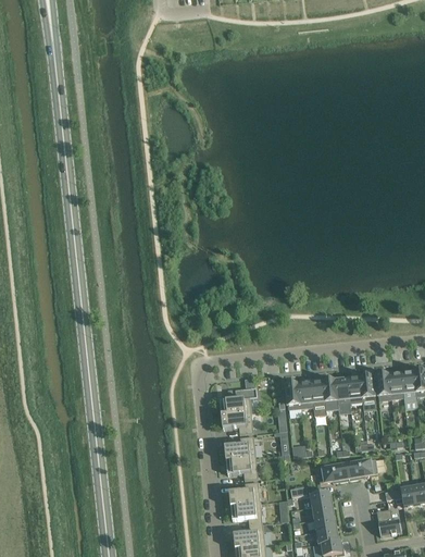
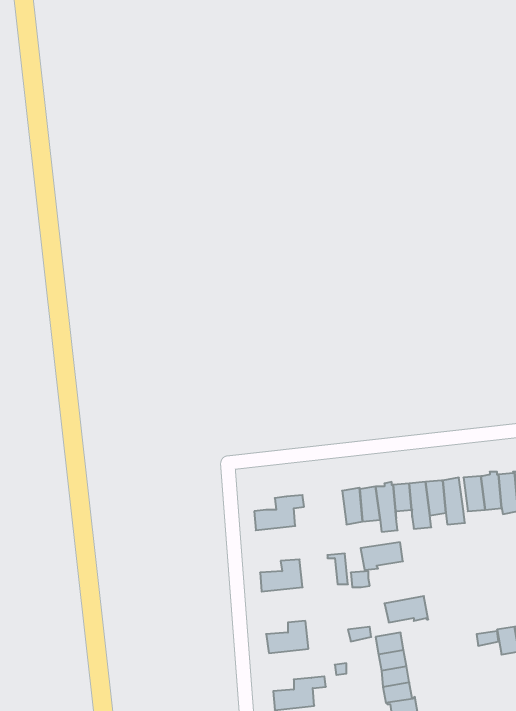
building: [221,410,252,433] -> none
building: [225,456,258,479] -> none
building: [346,458,377,480] -> [361,542,403,571]
building: [230,502,262,524] -> none
building: [376,508,401,534] -> none

